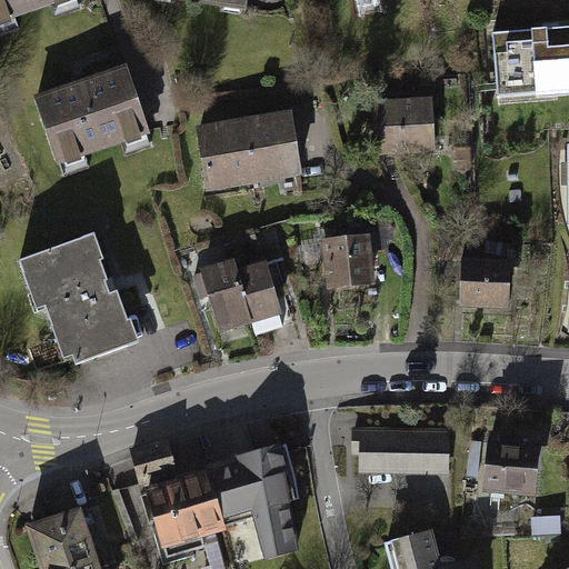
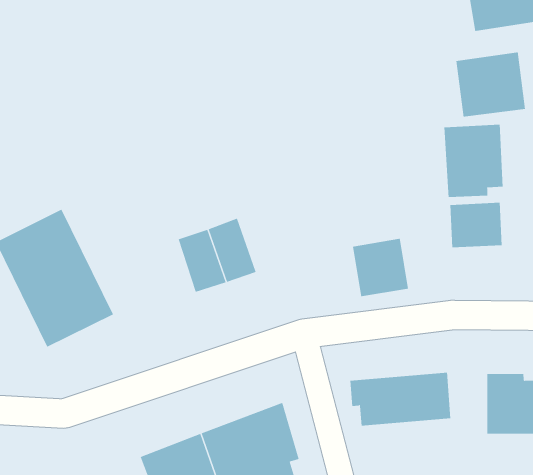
building: [41,66,148,163] -> none
building: [373,94,439,154] -> [455,52,526,117]
building: [198,110,303,189] -> none
building: none -> [444,124,503,198]
building: [325,234,377,289] -> [352,238,409,297]

